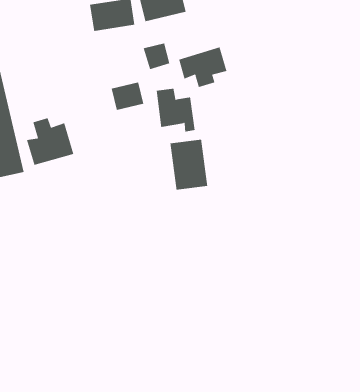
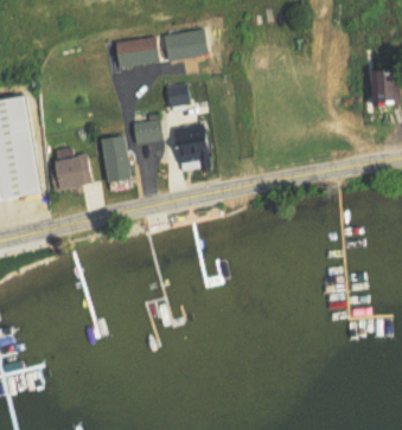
building: [178,47,227,88] -> none
building: none -> [100,136,128,182]
building: [170,139,208,191] -> none

